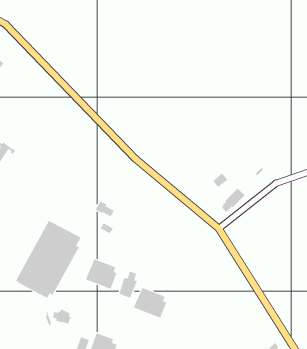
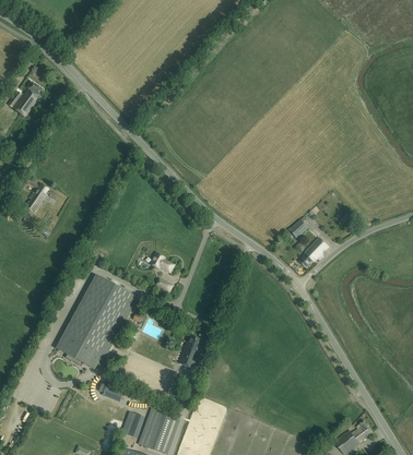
building: [85,259,117,290] -> none
building: [133,287,167,318] -> none

